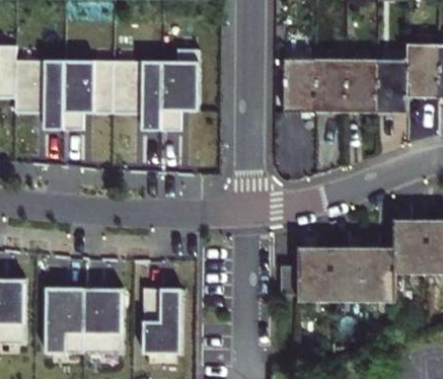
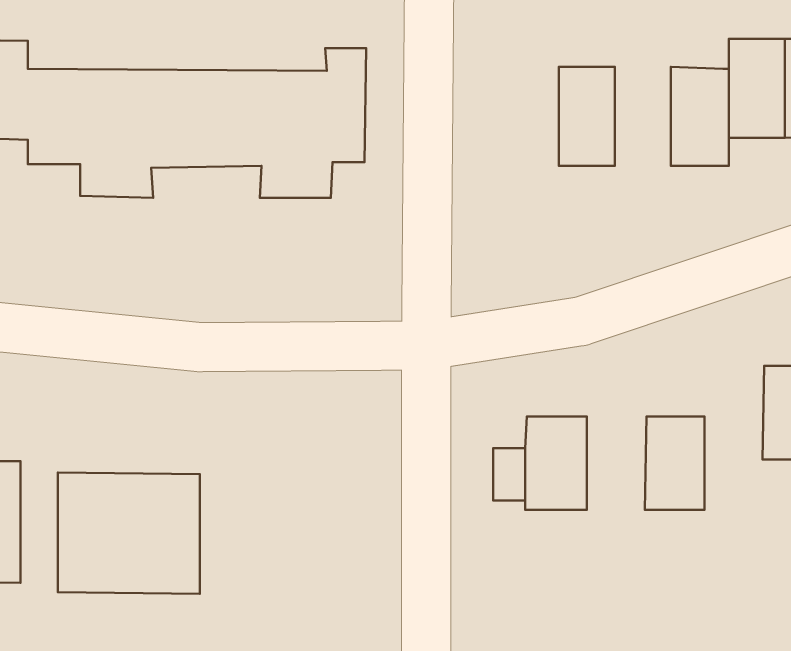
building: [284,60,315,113] -> none
building: [346,60,376,113] -> none
building: [394,222,427,273] -> none
building: [330,249,363,300] -> none
building: [144,280,182,346] -> none

